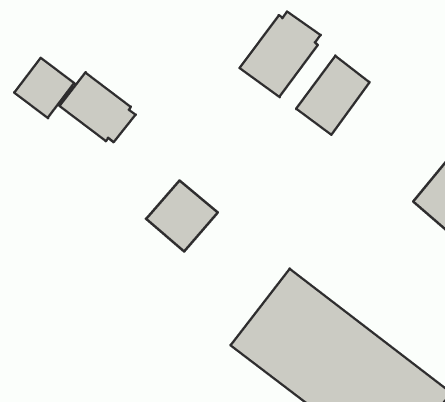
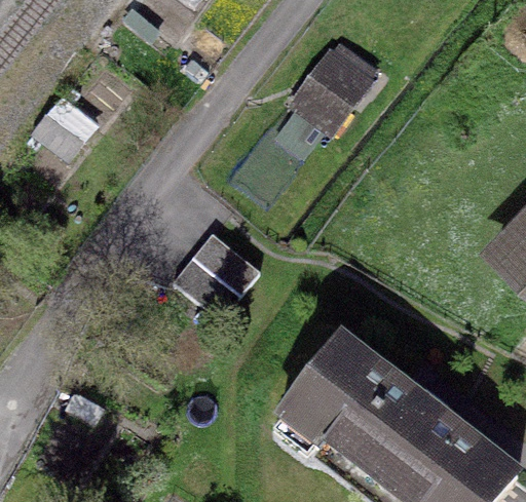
building: [296,56,369,135] -> none
building: [60,72,136,142] -> none

